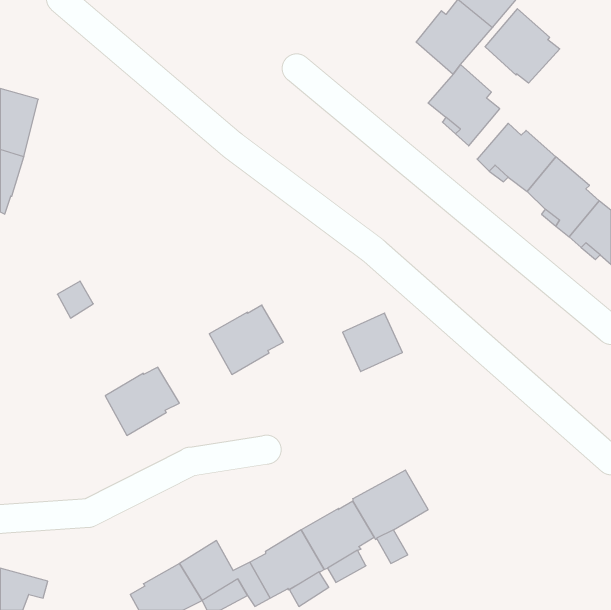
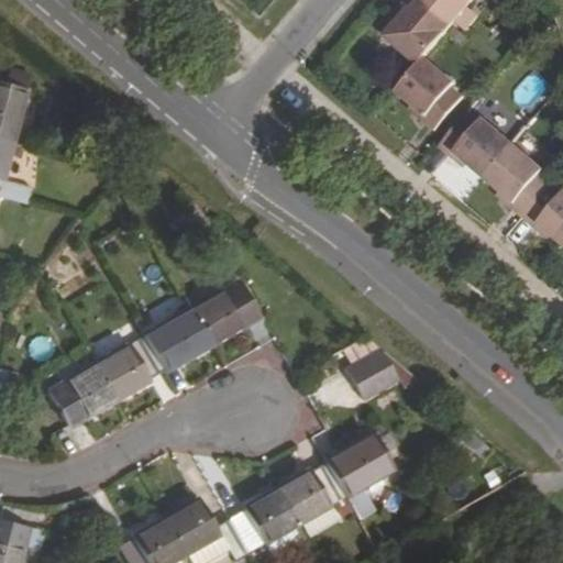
building: [485,9,560,83] -> none
building: [343,313,402,372] -> [346,344,401,398]
building: none -> [145,307,213,371]
building: none -> [49,364,117,426]

